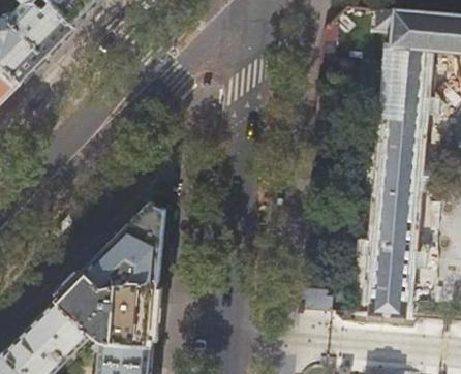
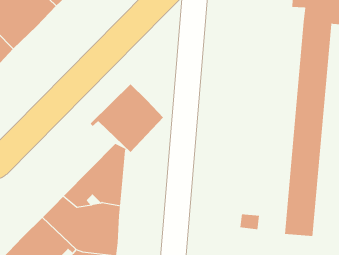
building: none -> [90,84,164,153]

